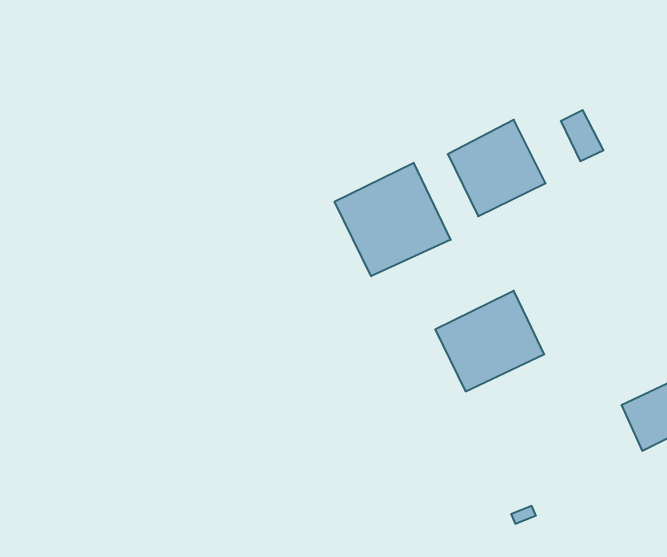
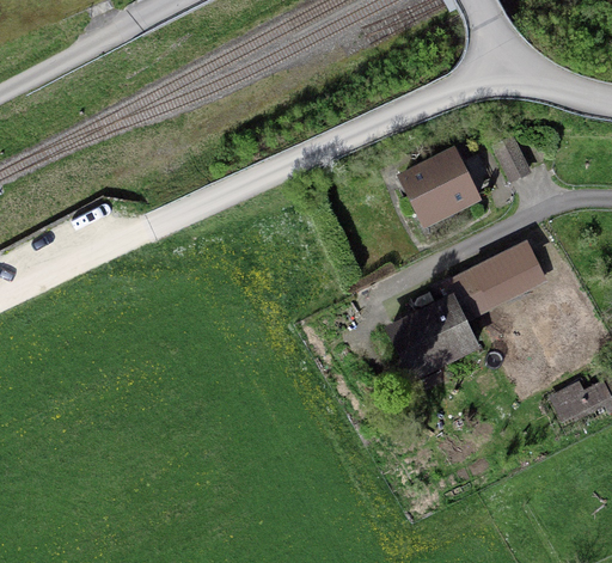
building: [335,163,451,276] -> none
building: none -> [441,239,547,319]

